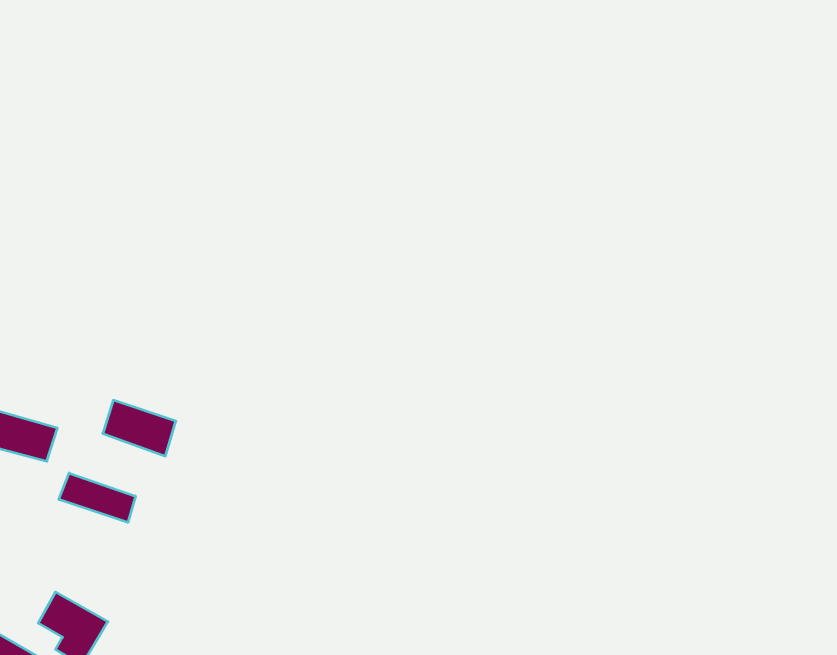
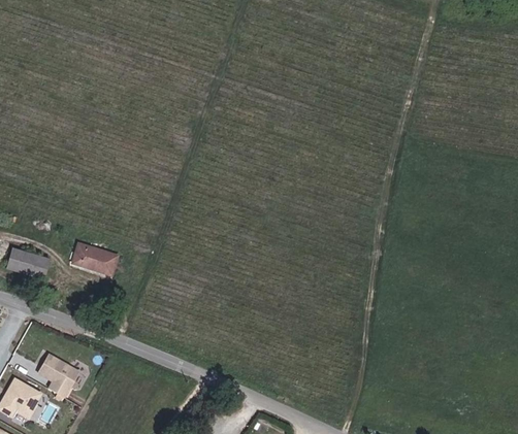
building: [59,473,135,522] -> none

